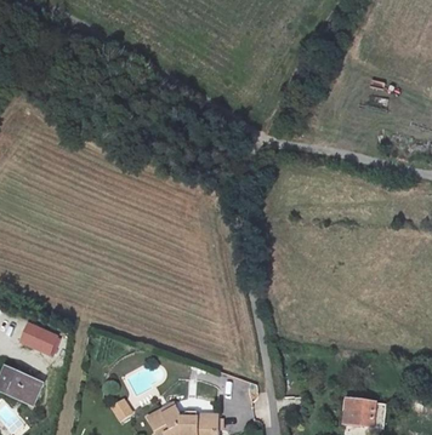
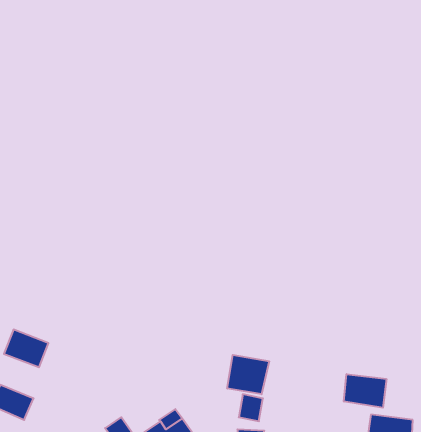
building: none -> [227,355,269,394]
building: none -> [344,374,386,408]

